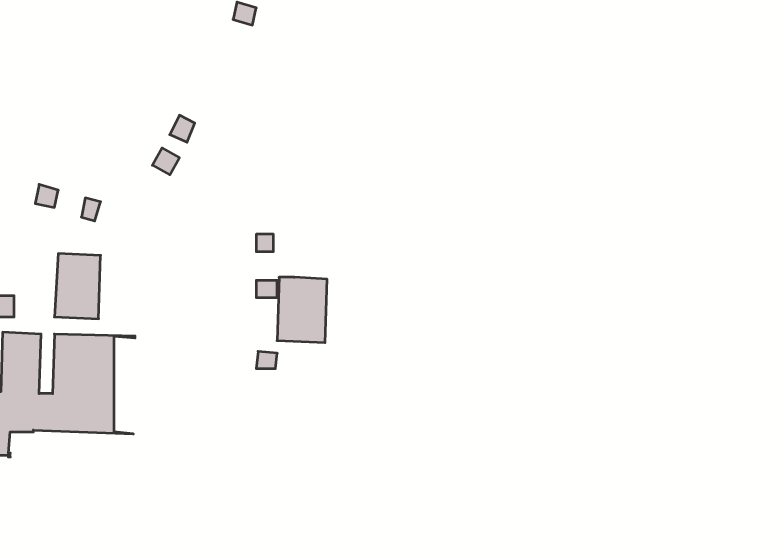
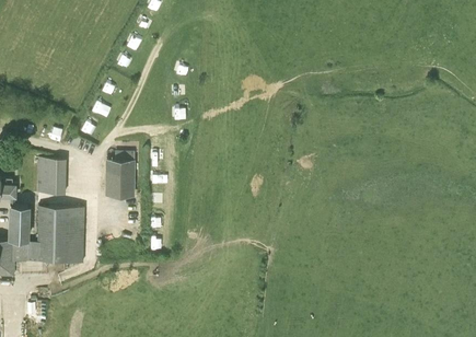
building: [277,277,327,343] -> [105,160,133,197]

